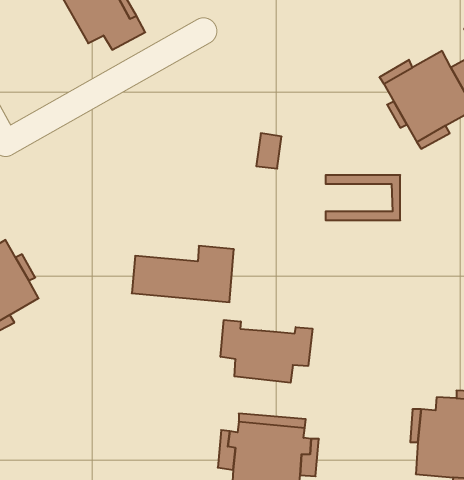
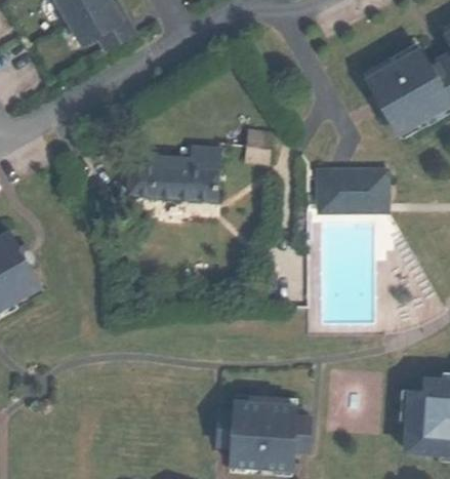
building: none -> [312,177,374,203]
building: [132,246,234,302] -> [127,147,222,199]
building: [221,320,312,383] -> none

